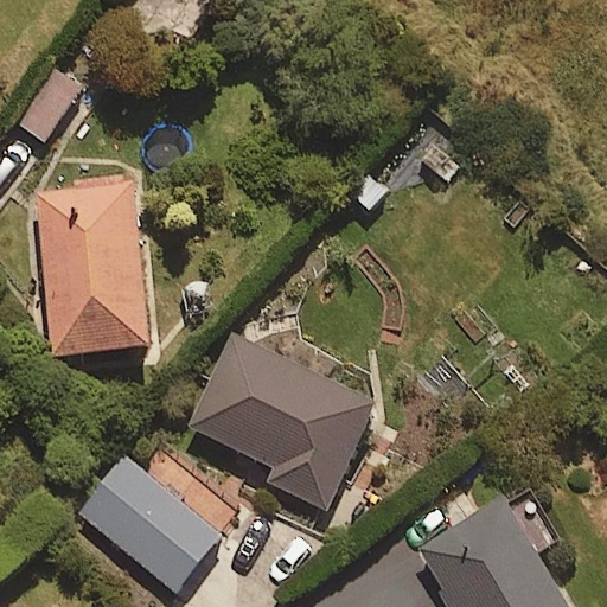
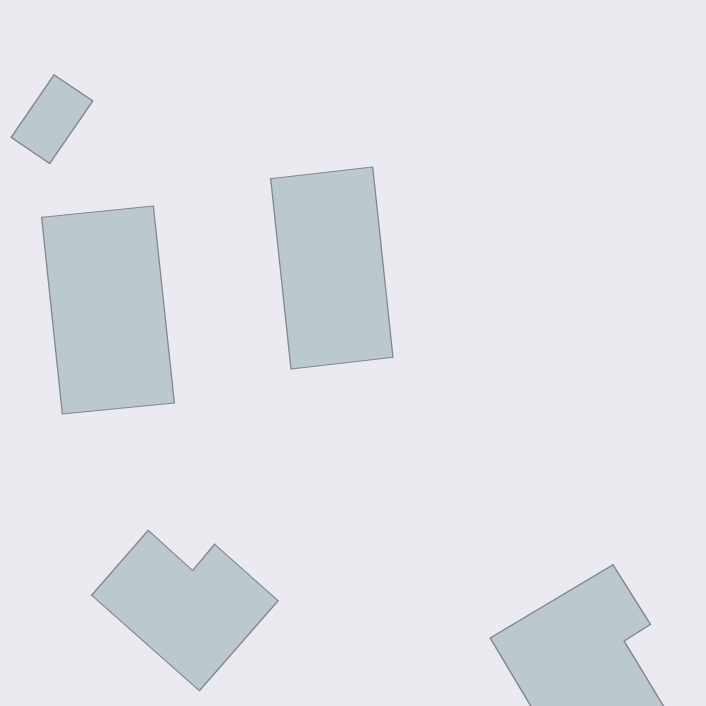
building: none -> [271,167,393,369]
building: [190,336,375,507] -> none

